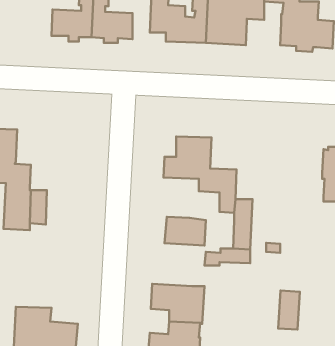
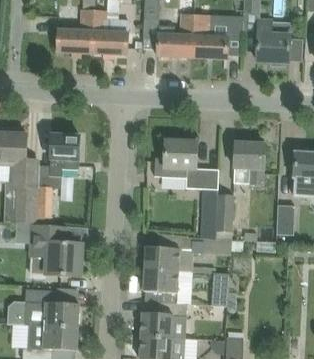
building: none -> [48,135,79,176]
building: none -> [233,143,265,185]
building: none -> [275,204,294,235]
building: [165,217,206,245] -> [144,246,180,271]
building: none -> [29,224,82,276]
building: [278,291,300,330] -> [210,272,229,306]

